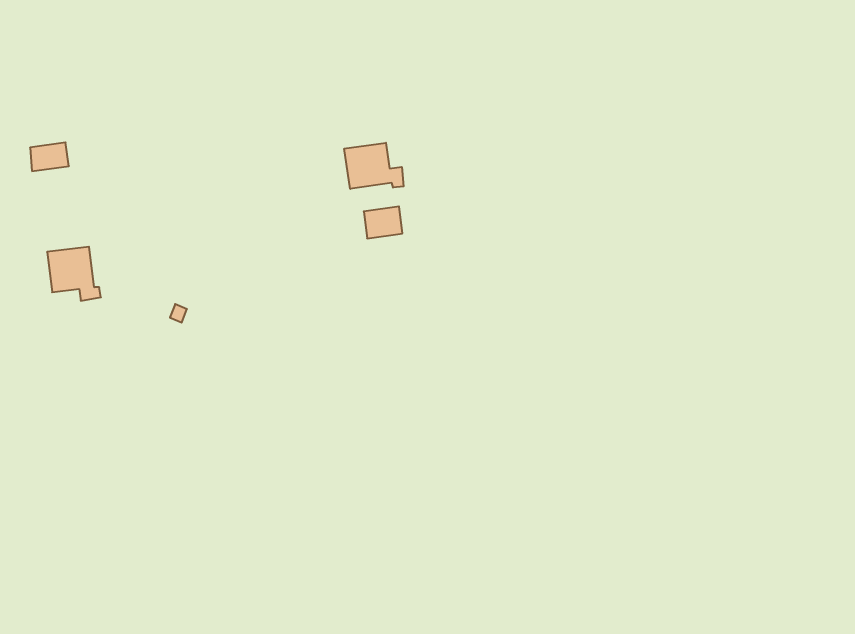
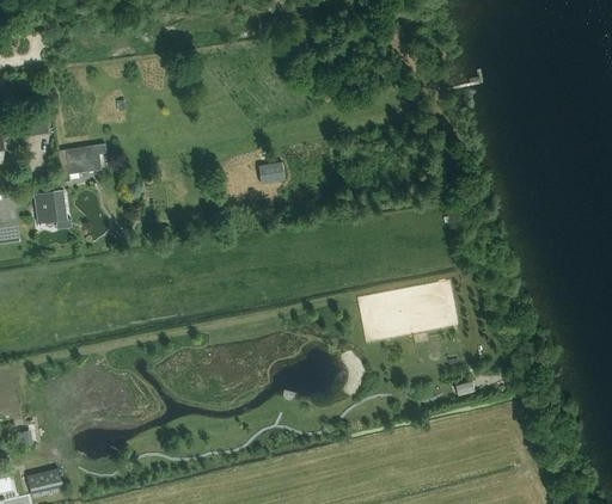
building: [344,143,404,189] -> none
building: none -> [59,143,105,179]

